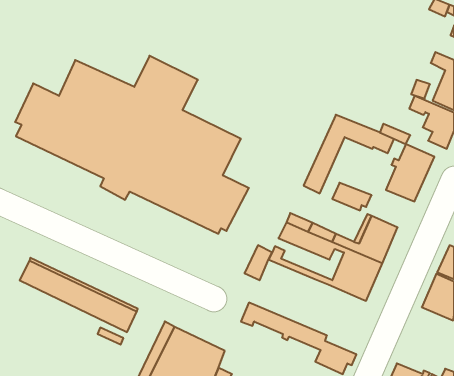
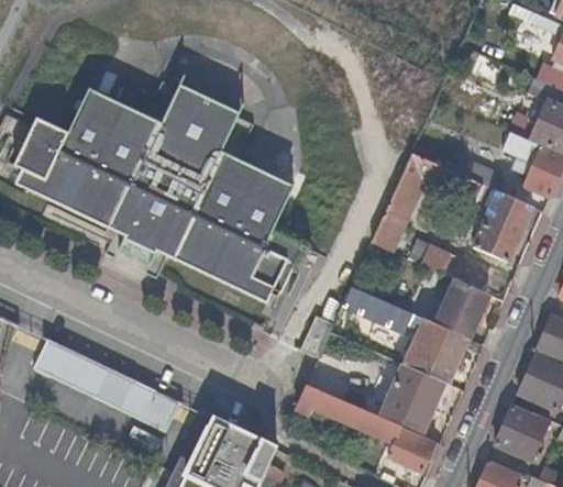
building: none -> [382,365,446,434]
building: none -> [495,405,550,462]

